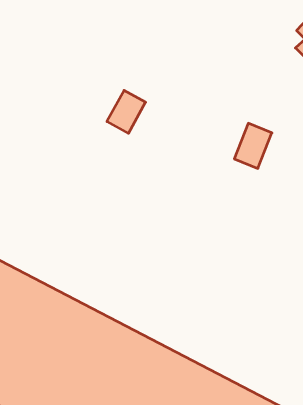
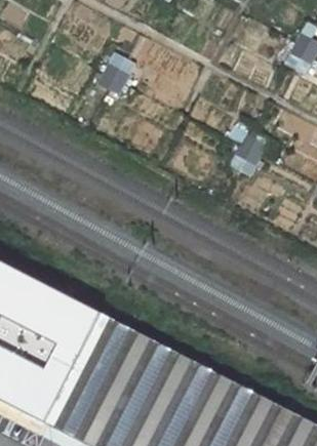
building: [107,90,146,133] -> [98,53,135,94]

